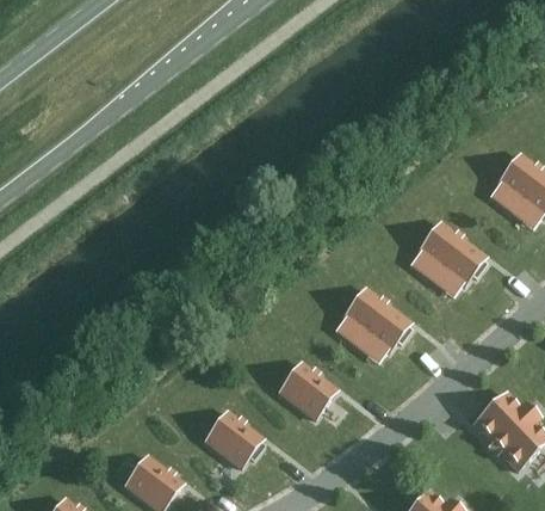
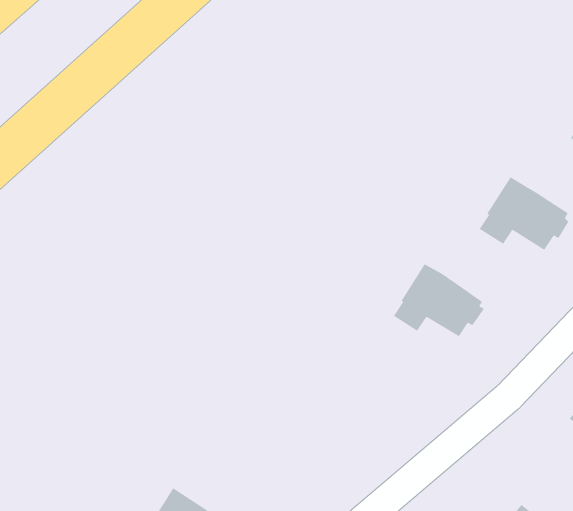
building: [279,363,336,419] -> none
building: [205,412,264,467] -> none

